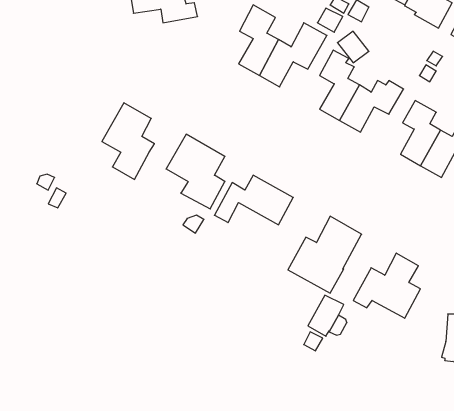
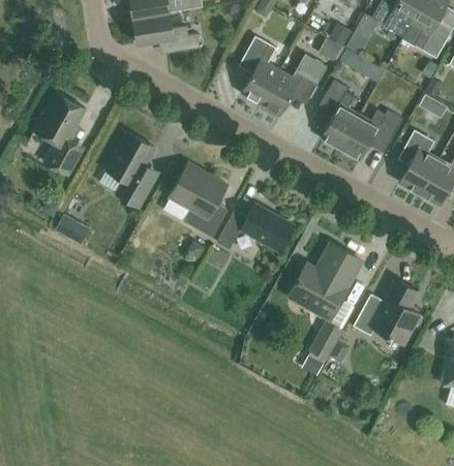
building: none -> [34,92,86,175]

